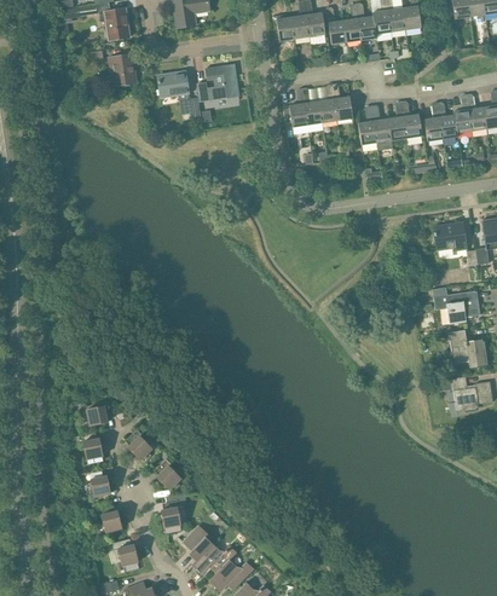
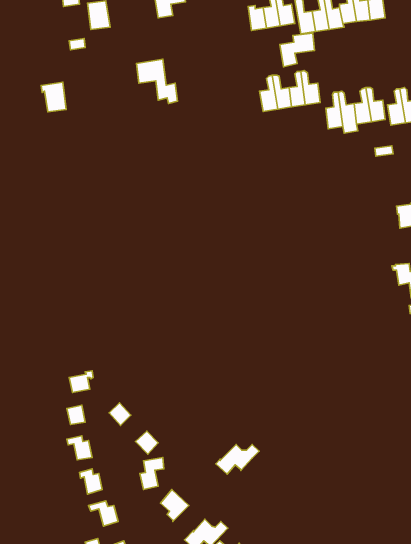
building: none -> [280,33,315,67]
building: [109,54,135,86] -> [41,82,66,112]
building: [197,64,238,102] -> none
building: [191,544,237,575] -> [216,444,259,474]

